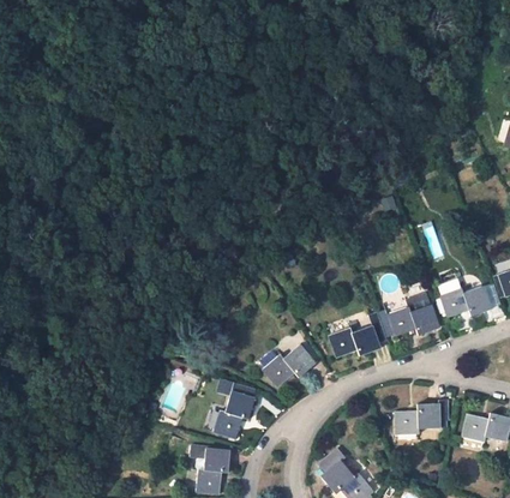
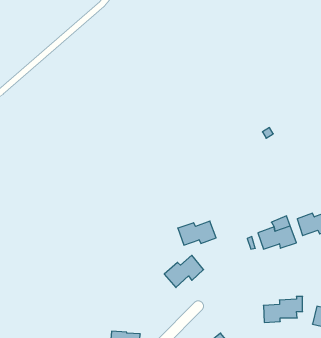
building: [329,325,380,358] -> [178,221,216,245]
building: [214,378,256,438] -> none

